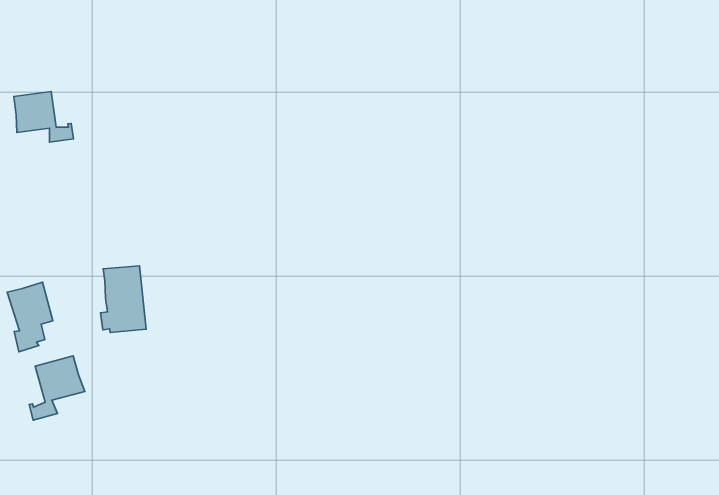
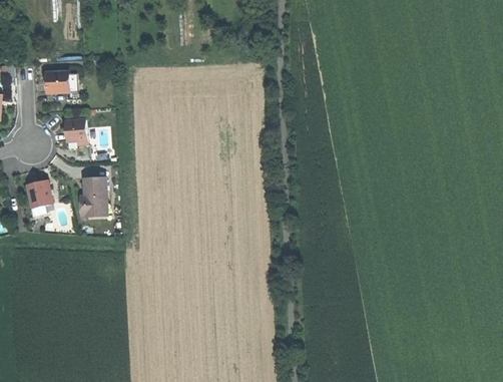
building: none -> [65,120,86,144]
building: [29,356,85,420] -> none

